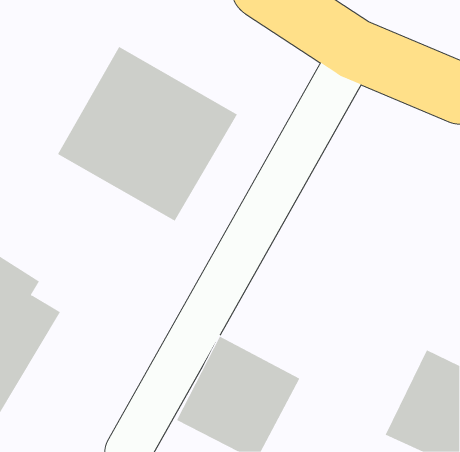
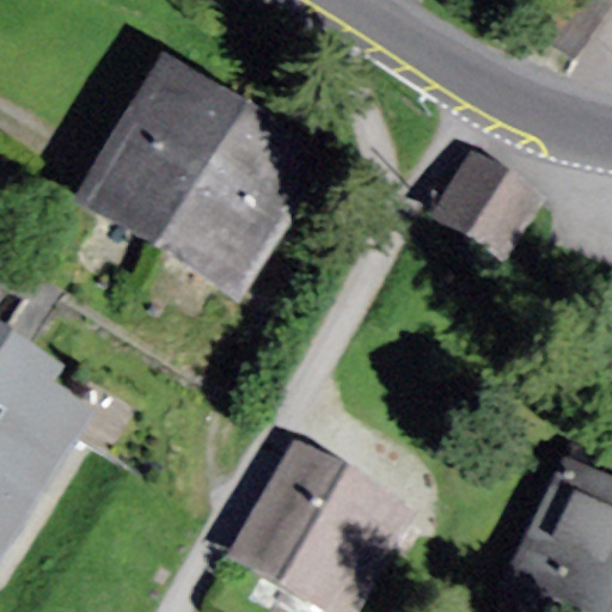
building: none -> [432,148,540,255]

